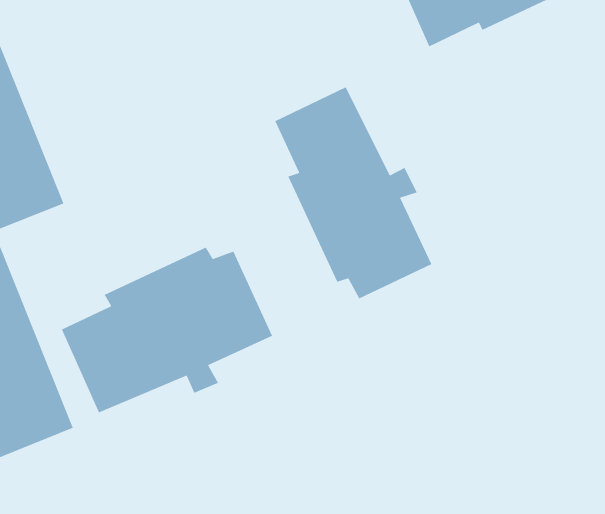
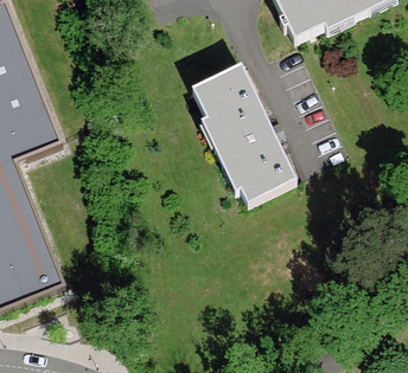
building: [61,247,273,414] -> none

